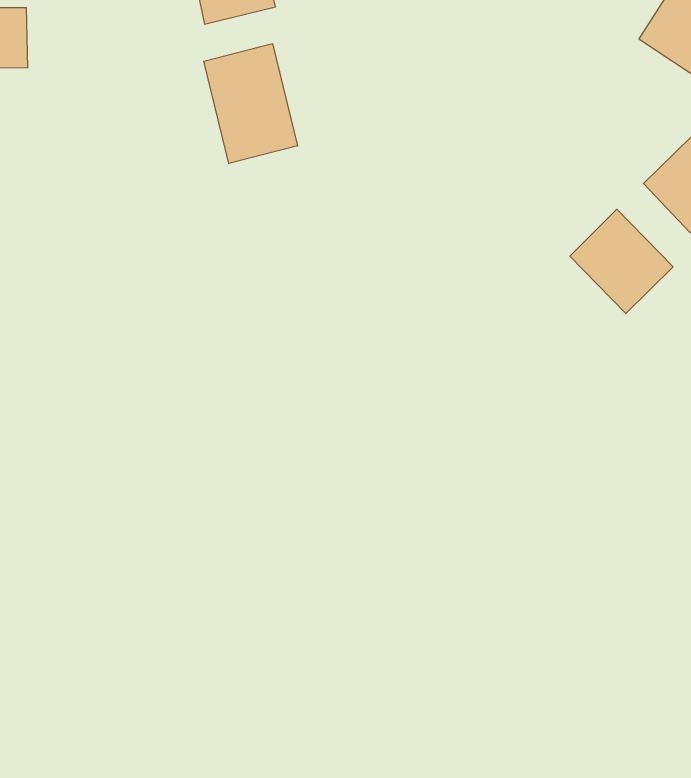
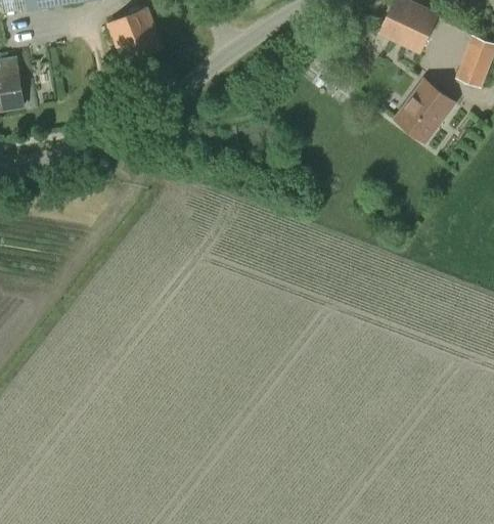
building: [204,44,297,164] -> none
building: [570,209,673,314] -> none

